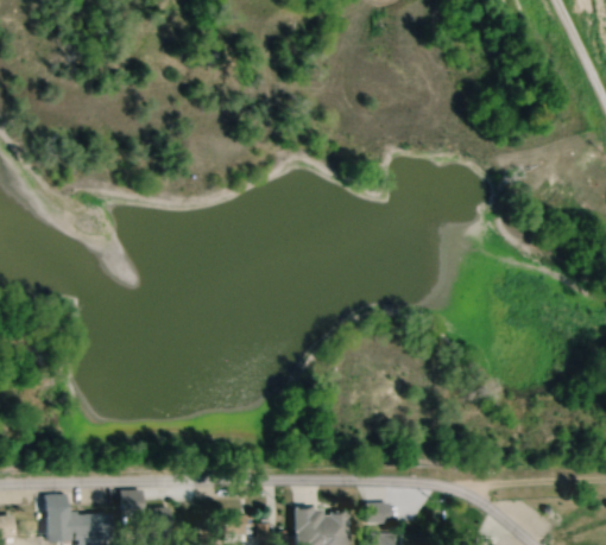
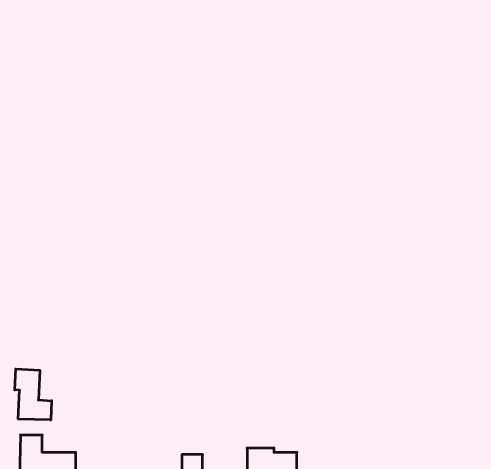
building: none -> [15,369,52,420]

